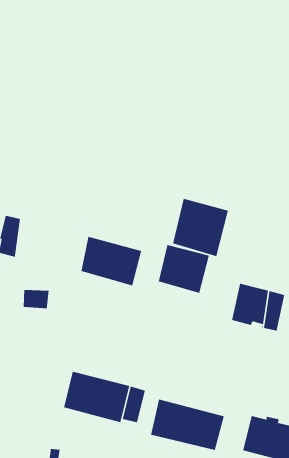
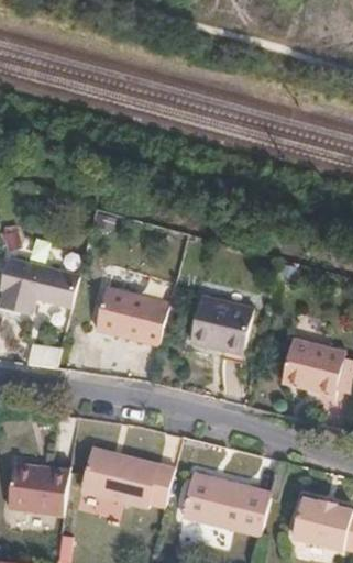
building: [172,198,229,257] -> none
building: none -> [20,262,79,312]
building: none -> [7,462,70,512]

